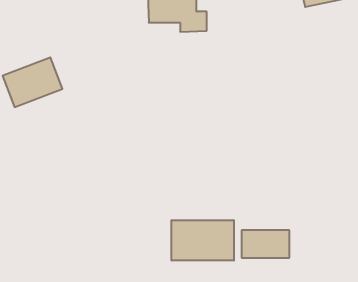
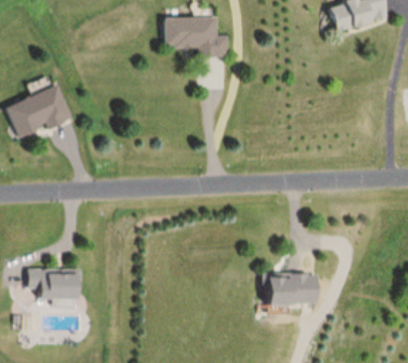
building: [172,220,234,261] -> none
building: none -> [29,269,79,299]

